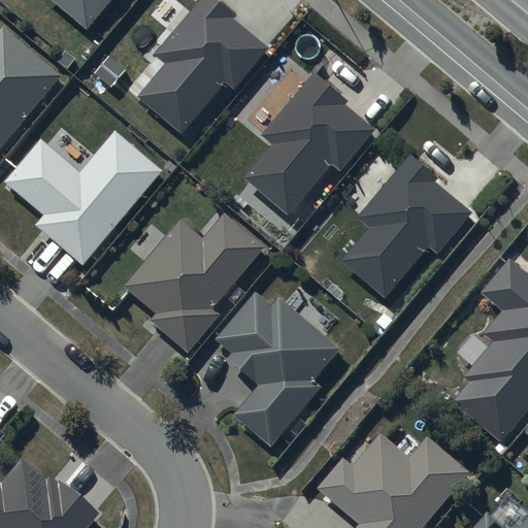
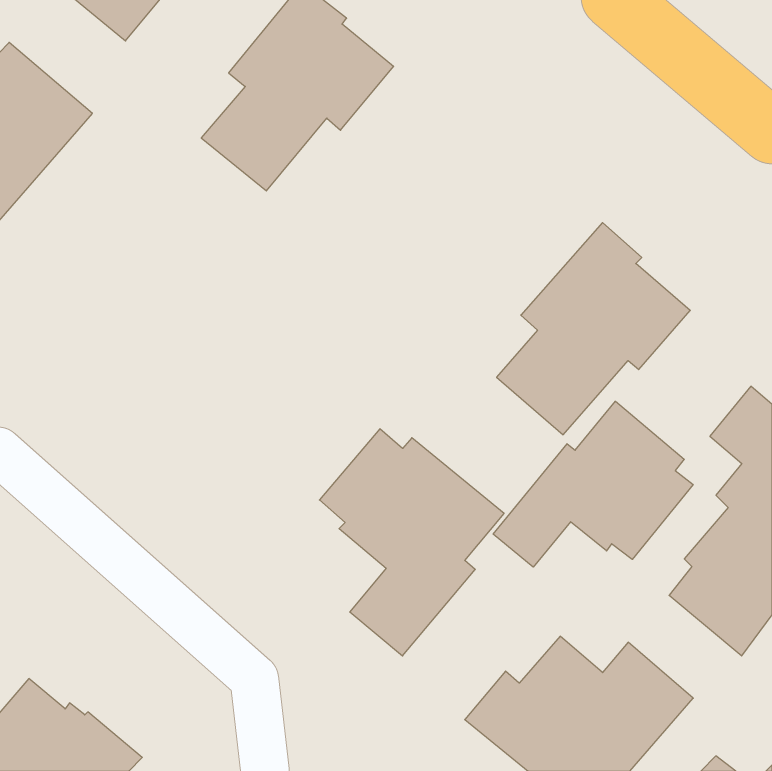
building: [243,69,373,212] -> none
building: [5,130,166,268] -> none
building: [124,213,267,354] -> none
building: none -> [493,401,693,567]

